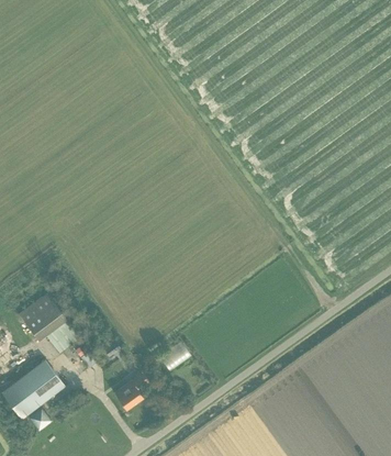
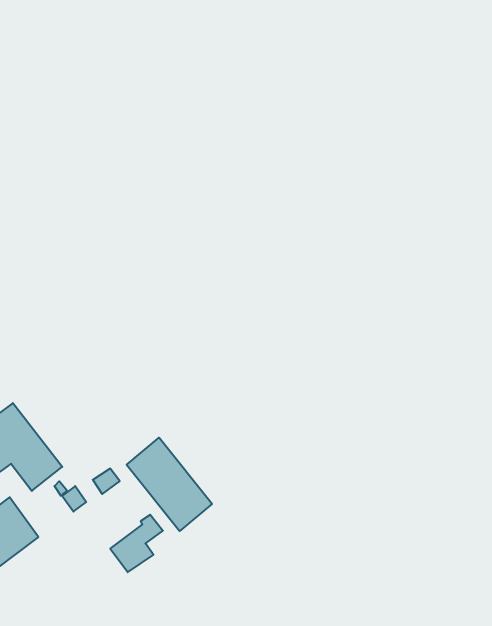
building: none -> [127,438,212,531]

